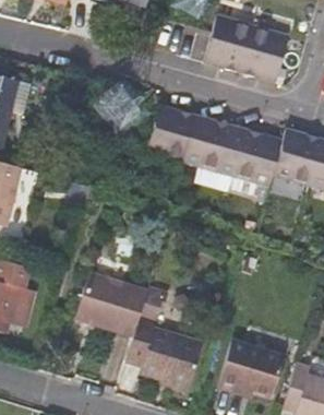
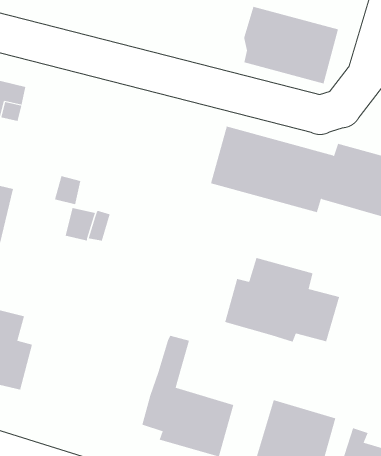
building: [146,105,195,162] -> none
building: none -> [225,257,340,343]
building: [76,273,147,334] -> none

